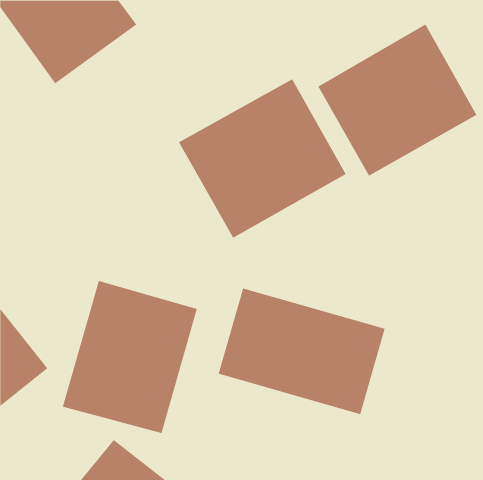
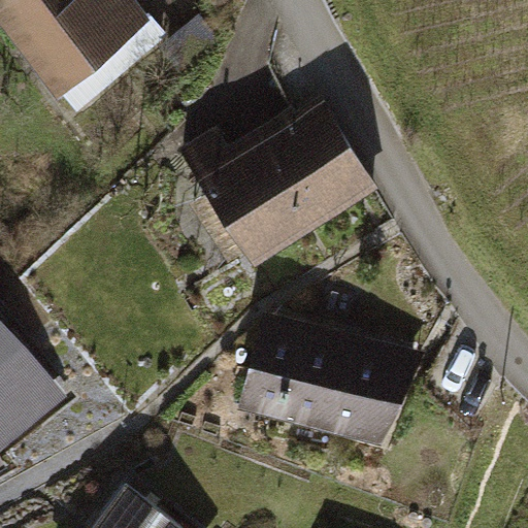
building: [318,24,477,177] -> none
building: [62,280,197,434] -> none

